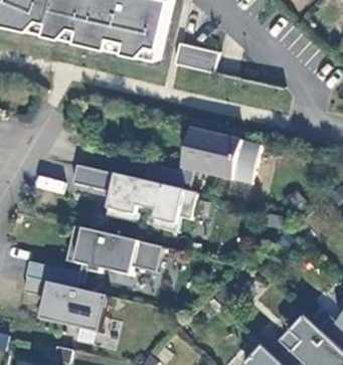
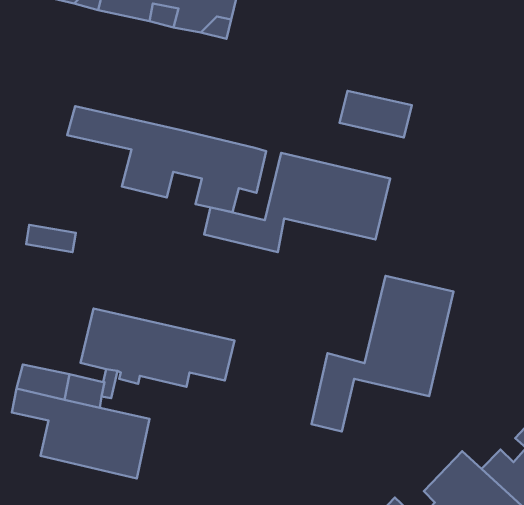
building: [172,41,217,70] -> [340,91,412,137]
building: [70,165,195,231] -> [67,106,266,212]
building: none -> [312,276,454,431]

